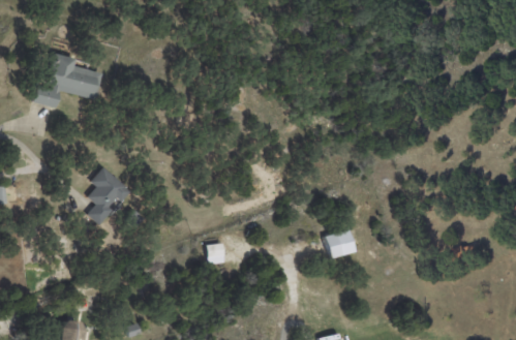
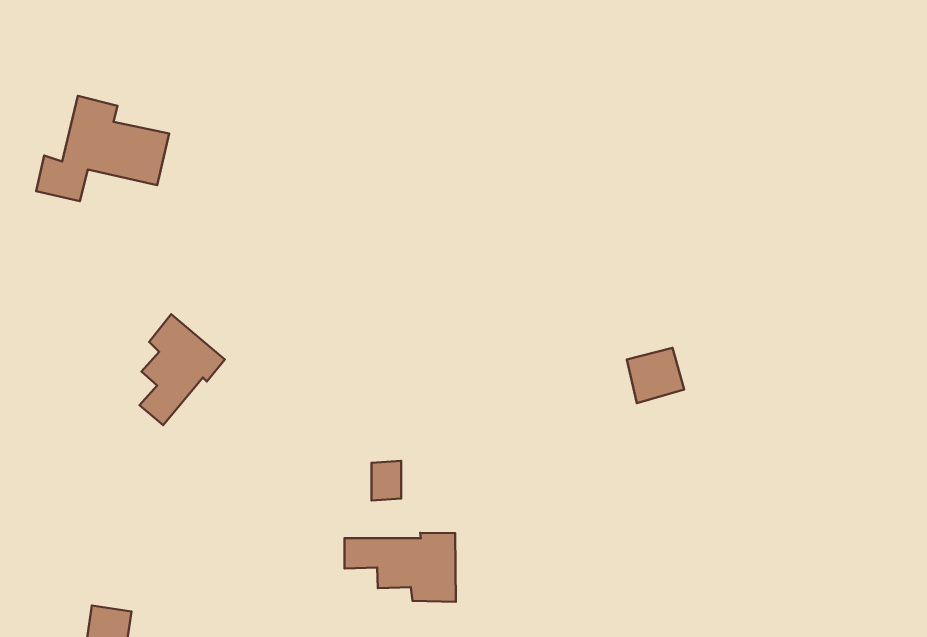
building: [325,229,355,258] -> [627,348,684,403]
building: none -> [344,533,456,602]

